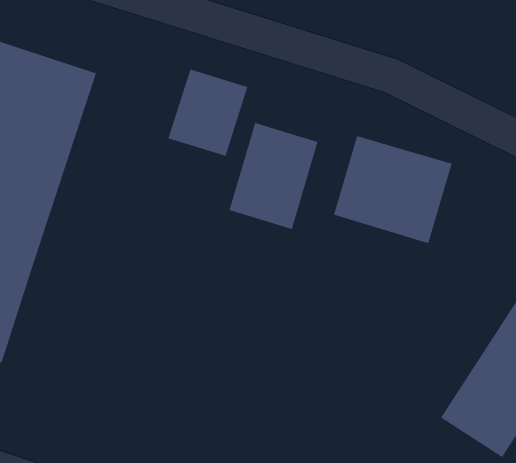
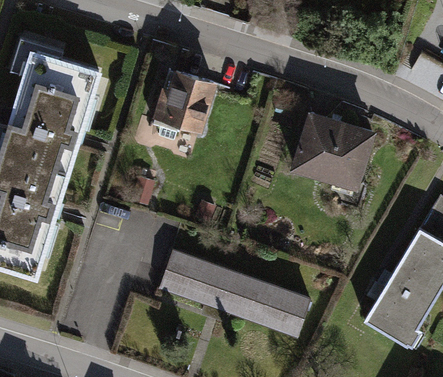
building: [229,122,318,230] -> none
building: none -> [156,247,309,333]

